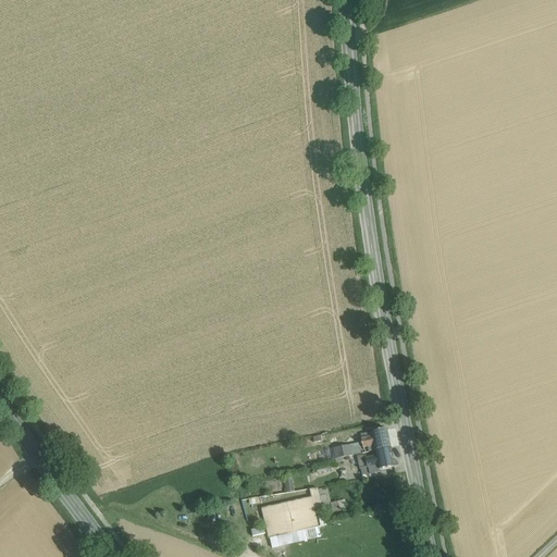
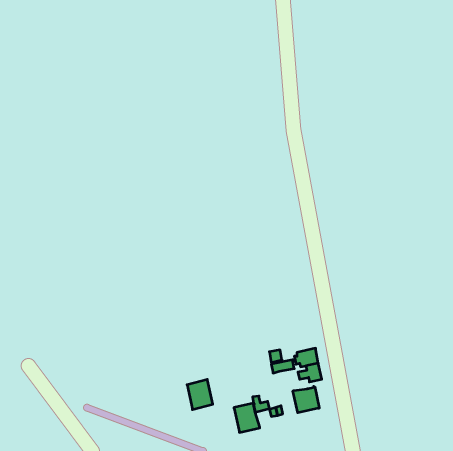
building: none -> [293,386,319,413]
building: [262,500,294,537] -> [187,379,213,410]

